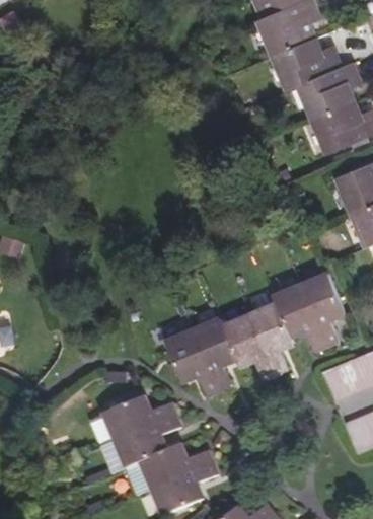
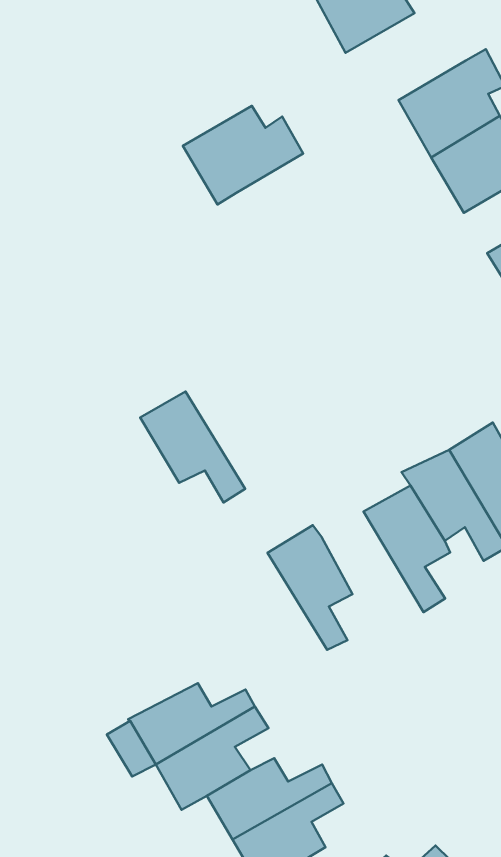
building: [272,38,339,90] -> [183,106,303,204]
building: [223,313,275,378] -> none
building: [164,329,218,394] -> [140,392,245,502]

